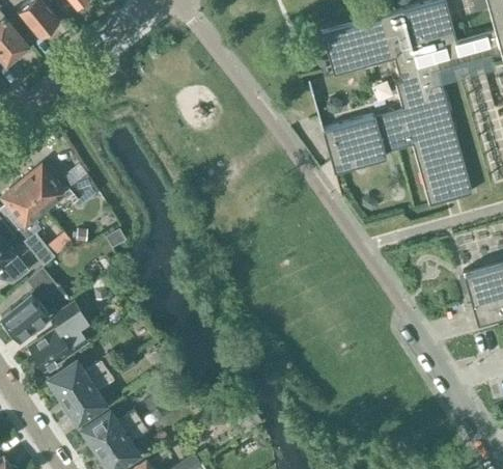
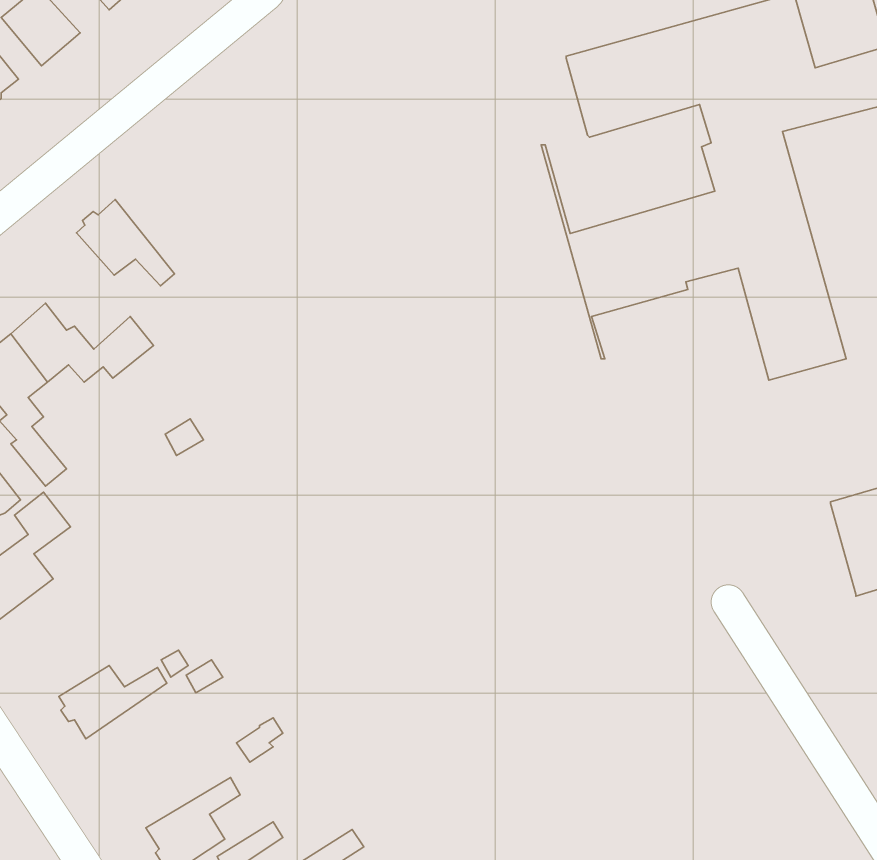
building: none -> [76,200,174,286]
building: [28,304,89,371] -> none
building: [63,371,113,422] -> none
building: [82,412,141,449] -> none

